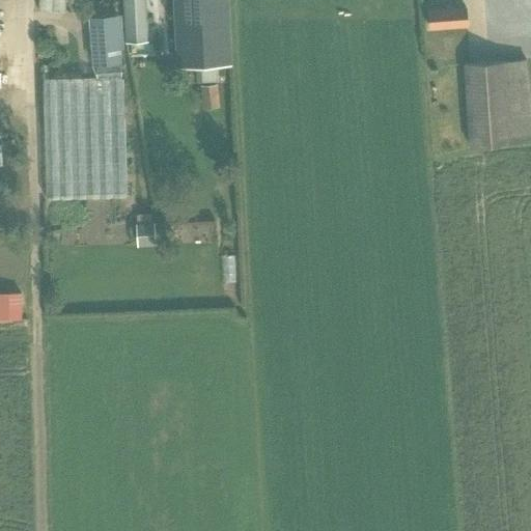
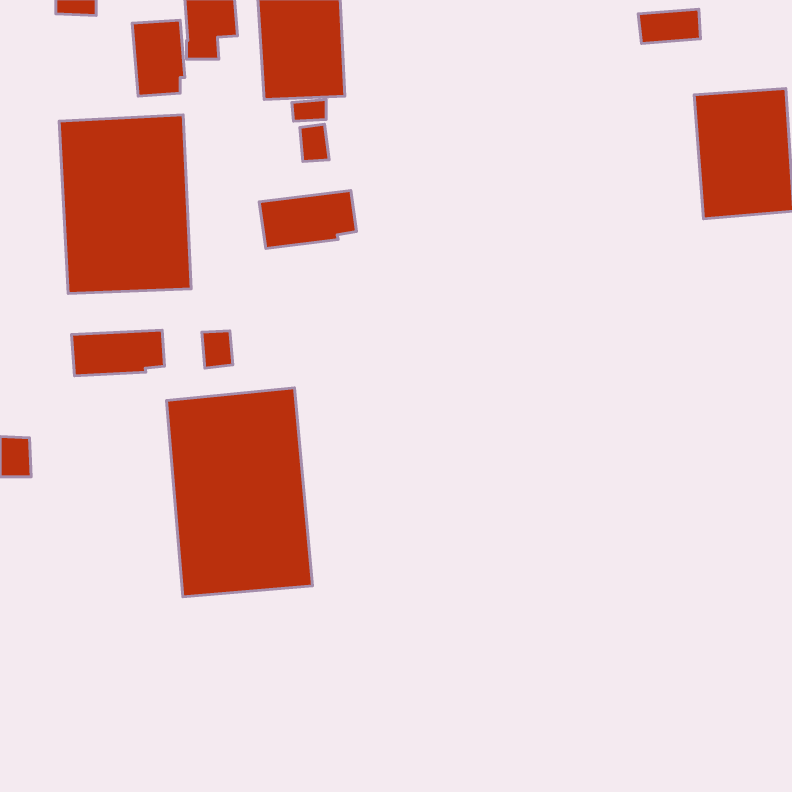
building: none -> [259,191,356,248]
building: none -> [71,330,164,376]
building: none -> [166,388,313,597]

